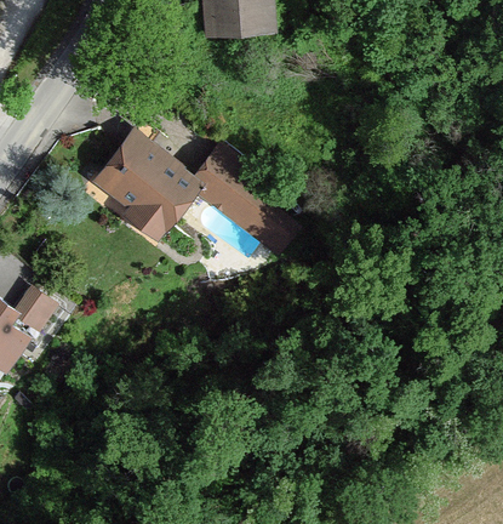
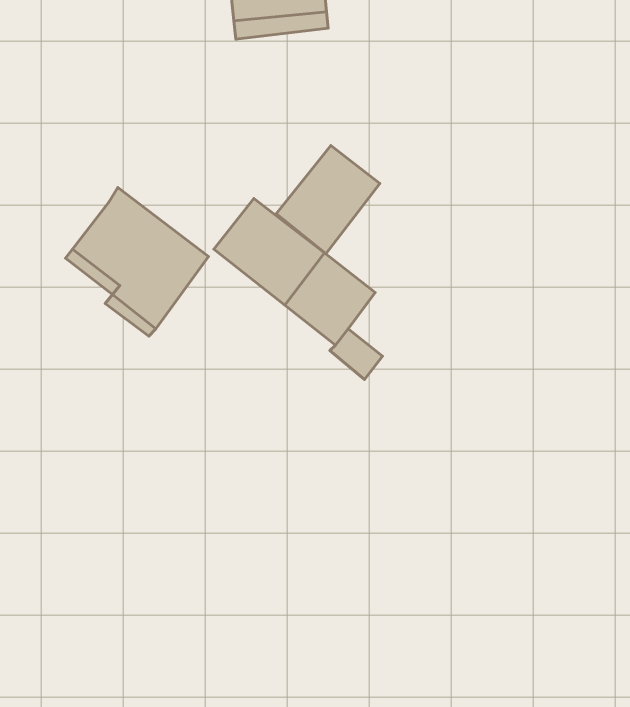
building: none -> [276,145,380,254]

